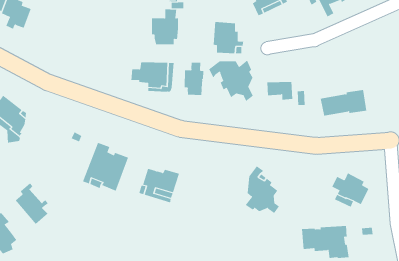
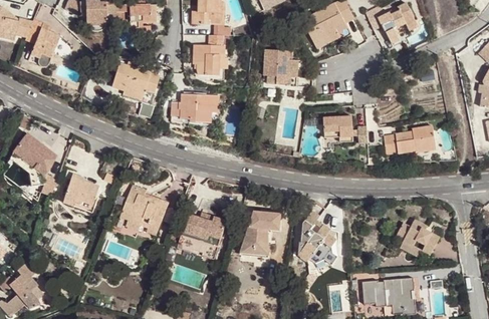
building: none -> [111,63,160,105]
building: [209,60,254,102] -> none
building: [184,62,204,96] -> none
building: none -> [63,176,98,207]
building: none -> [240,211,281,256]
building: [15,182,49,225] -> none

